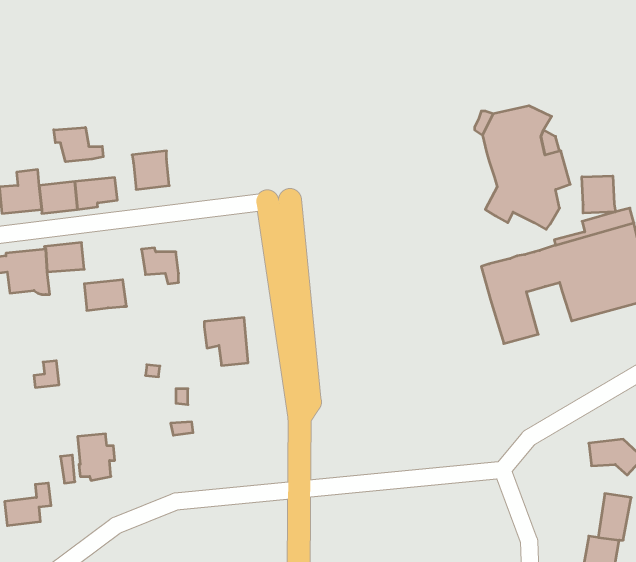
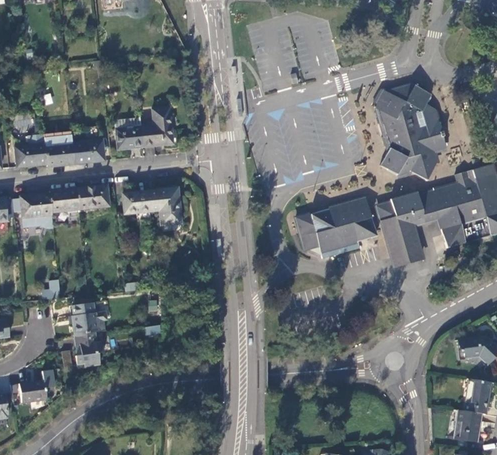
building: [54,127,103,162] -> none
building: none -> [141,109,173,147]
building: [582,176,615,213] -> none
building: none -> [295,199,375,259]
building: [84,280,127,310] -> [77,187,109,210]
building: [204,318,248,365] -> [148,190,181,226]
building: none -> [72,304,107,336]

